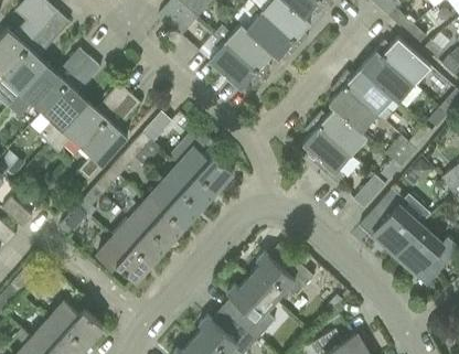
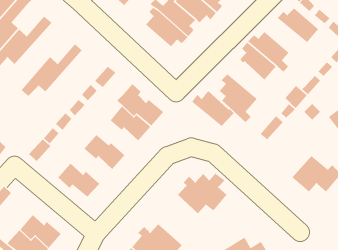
building: [361,51,415,101] -> none
building: [39,56,102,142] -> none
building: [79,92,141,179] -> none
building: [313,107,369,153] -> [191,91,235,127]
building: [147,181,200,225] -> none
building: [366,190,420,254] -> none
building: [114,217,167,261] -> none
building: [225,276,276,340] -> none

